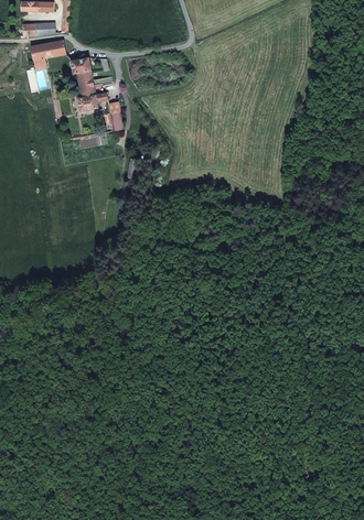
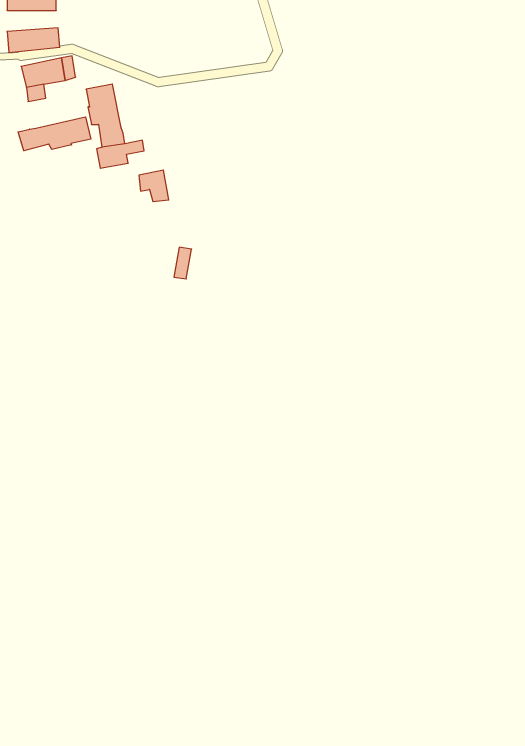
building: none -> [18,117,91,151]

